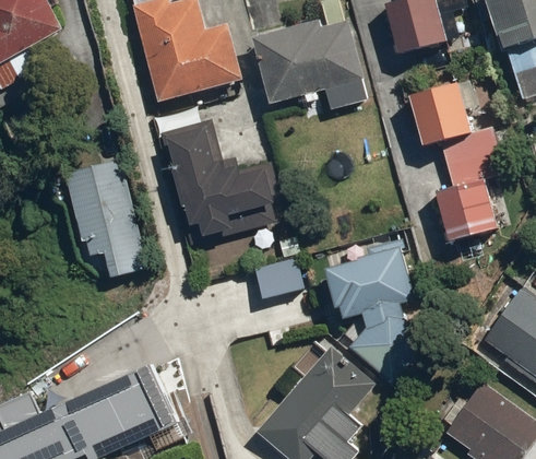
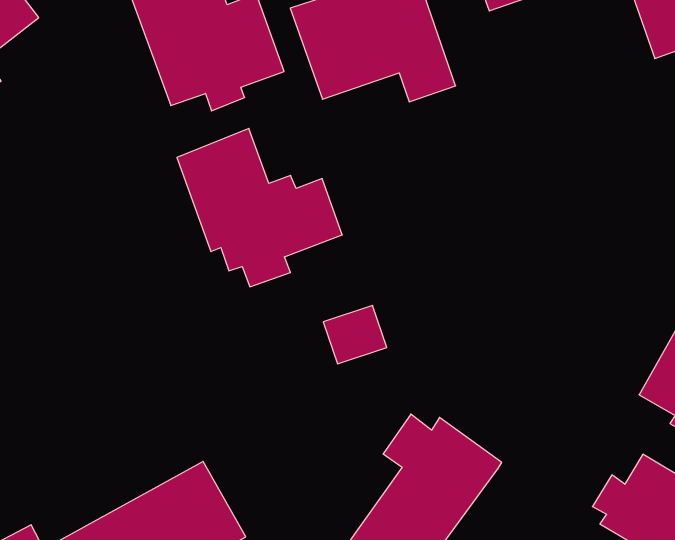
building: [412,80,504,239] -> none
building: [64,158,145,279] -> none
building: [326,239,424,382] -> none

